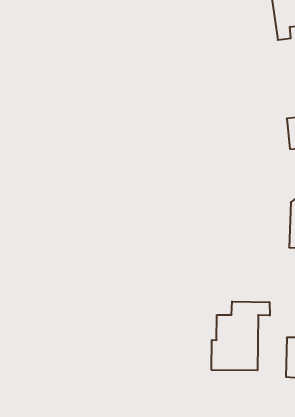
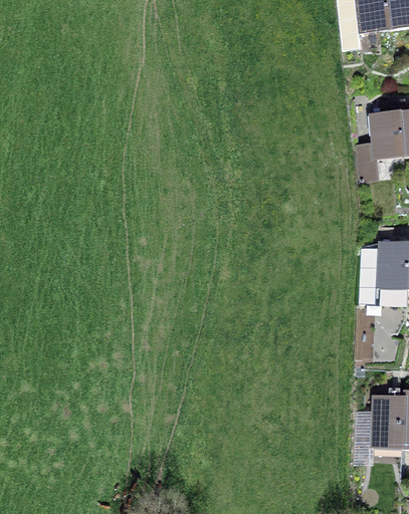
building: [212,301,270,370] -> none

